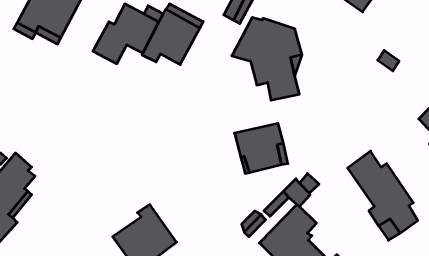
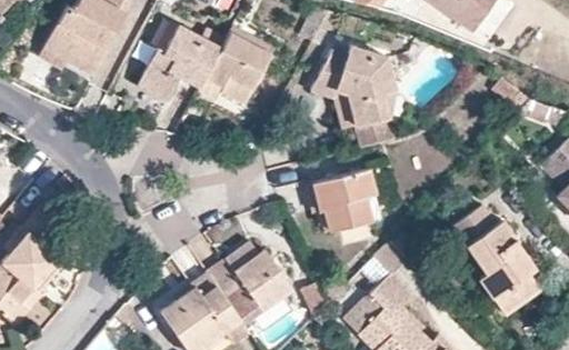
building: none -> [207,242,292,326]

